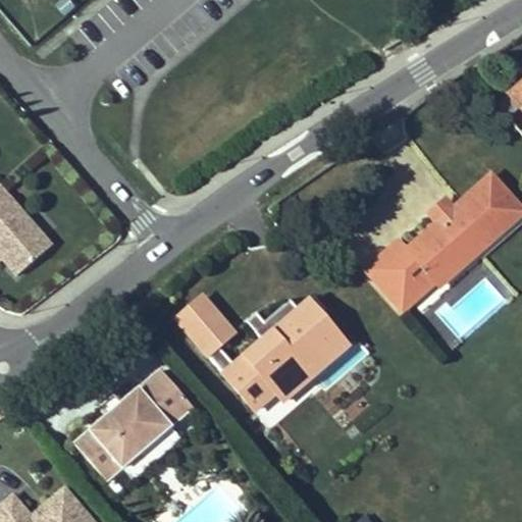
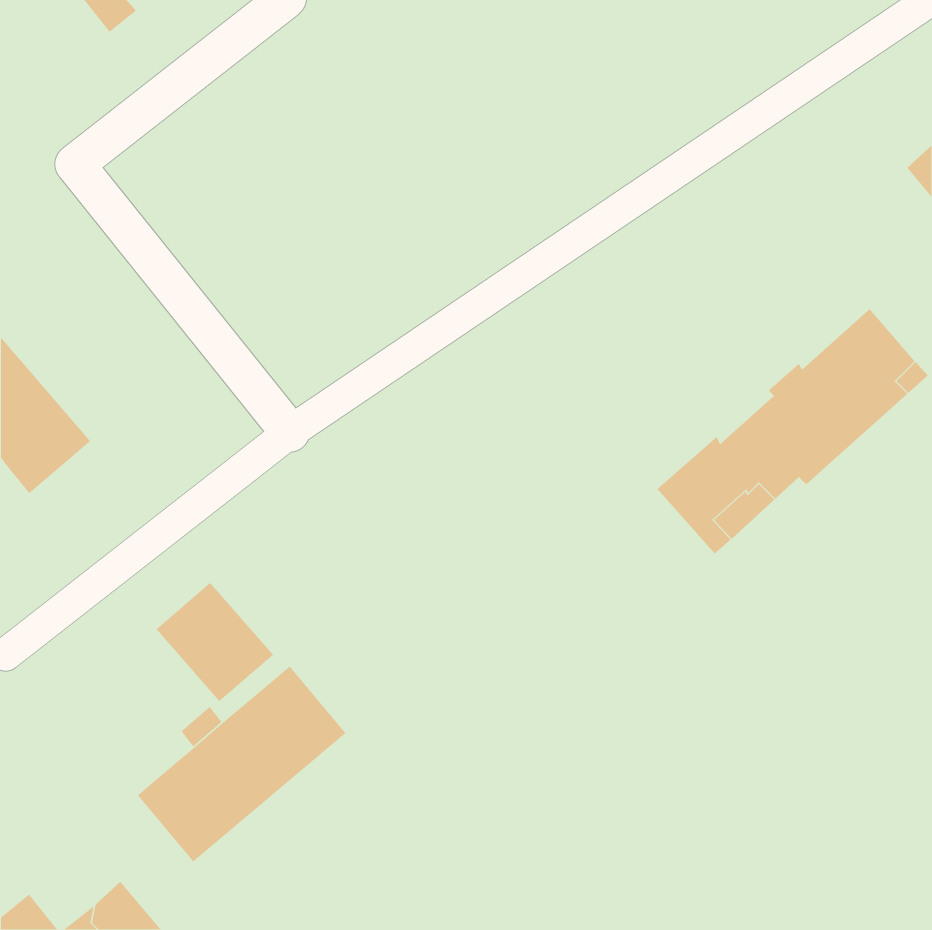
building: [219,289,353,412] -> none
building: [172,290,239,357] -> [155,582,274,702]

